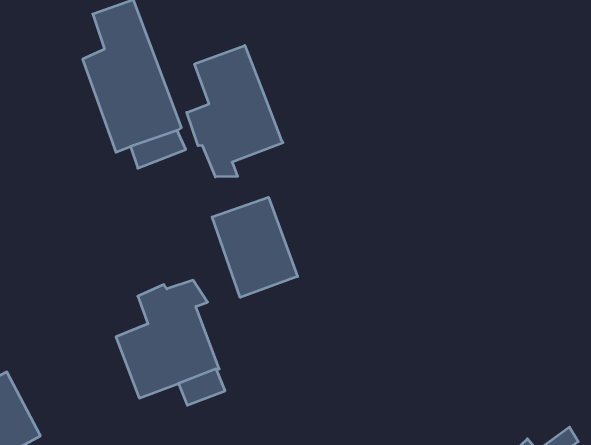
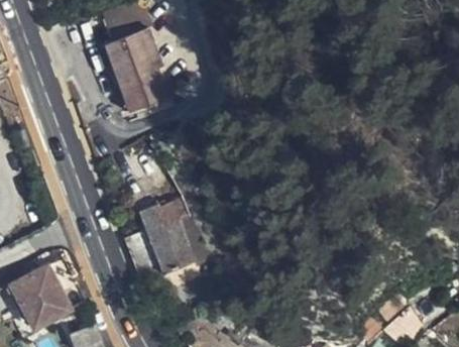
building: [187,45,283,177] -> none
building: [212,197,298,297] -> none

